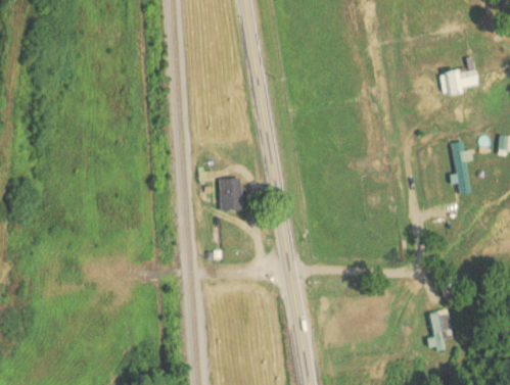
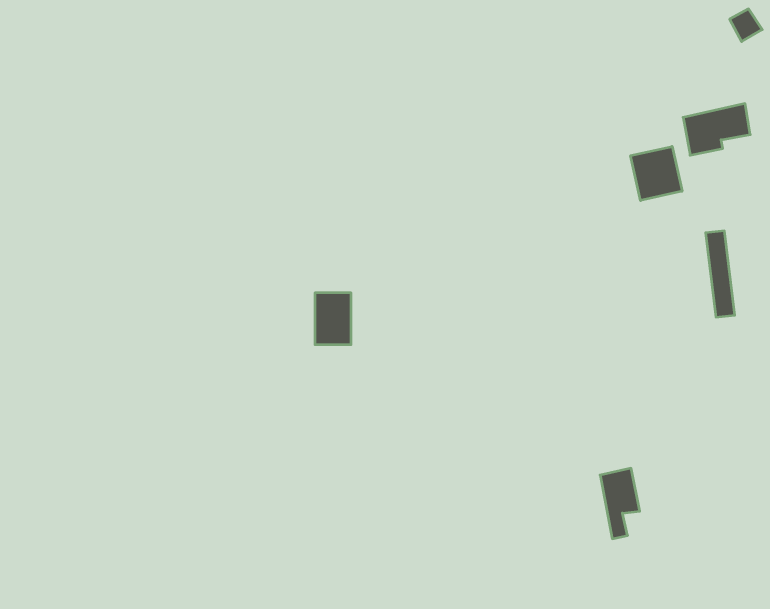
building: none -> [631,146,682,201]
building: [428,308,452,350] -> [600,468,640,539]

